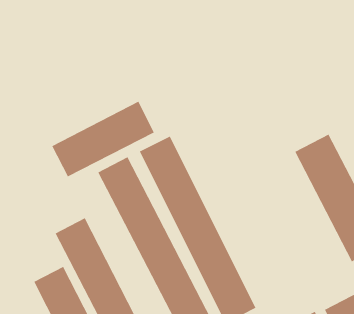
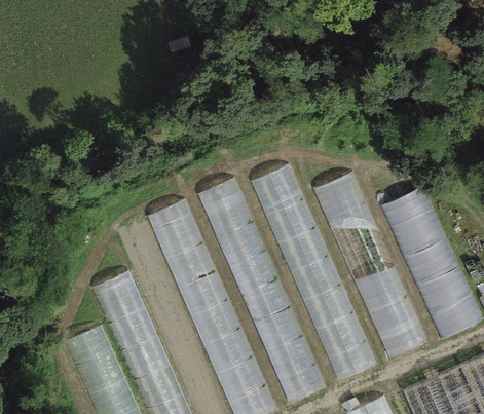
building: [51,101,155,178] -> none
building: none -> [247,167,378,383]
building: none -> [314,173,425,357]

